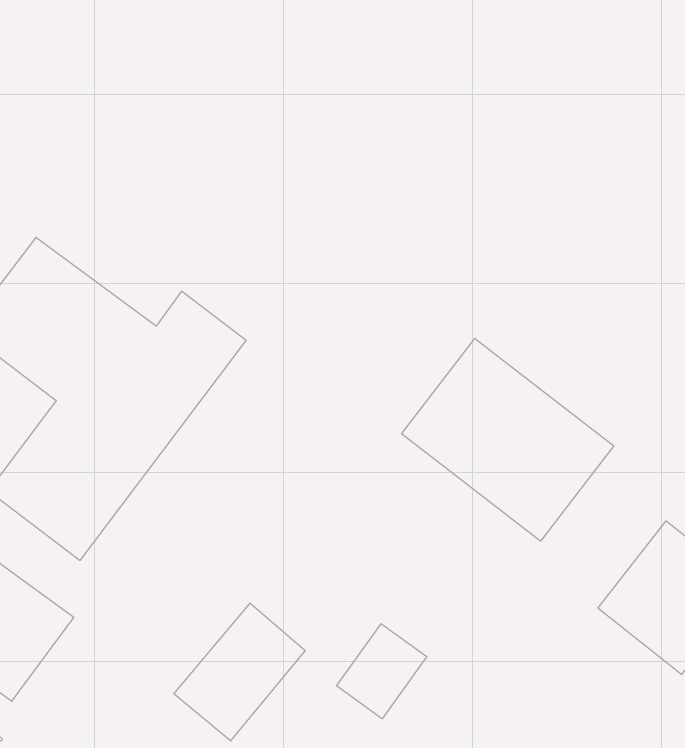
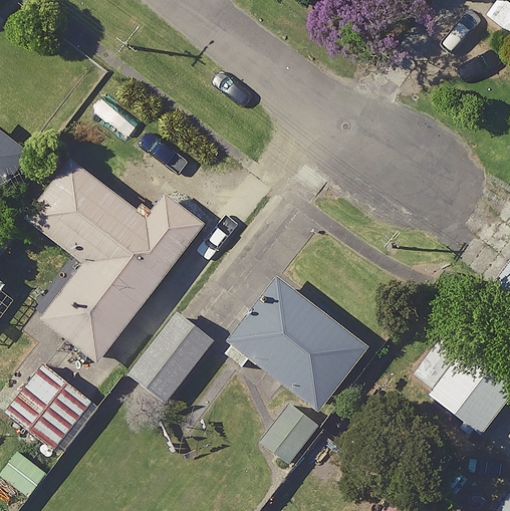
building: [402,338,614,541] -> [230,282,364,411]
building: [174,603,305,741] -> [129,316,212,404]

